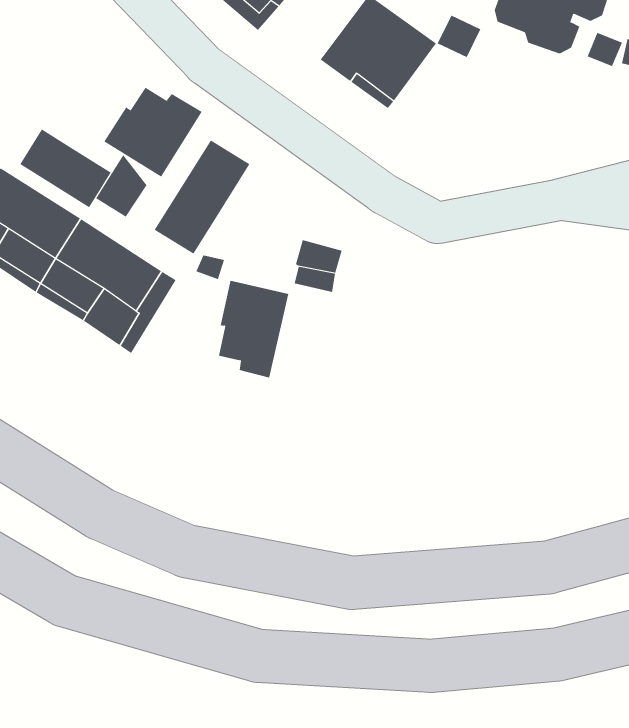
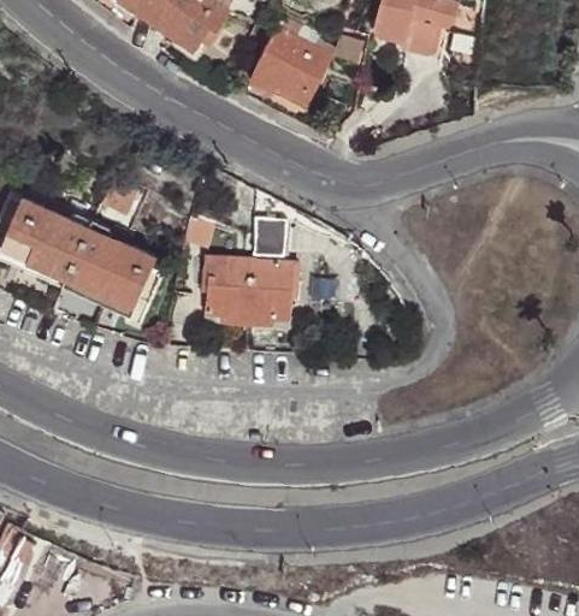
building: [104,87,203,178] -> none
building: [20,128,111,208] -> none
building: [154,139,250,255] -> none
building: none -> [247,257,297,325]

